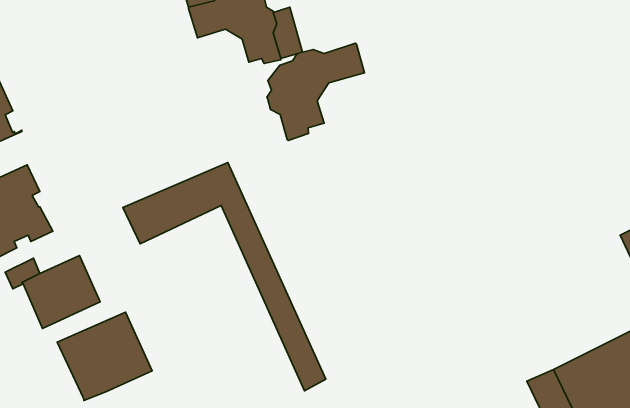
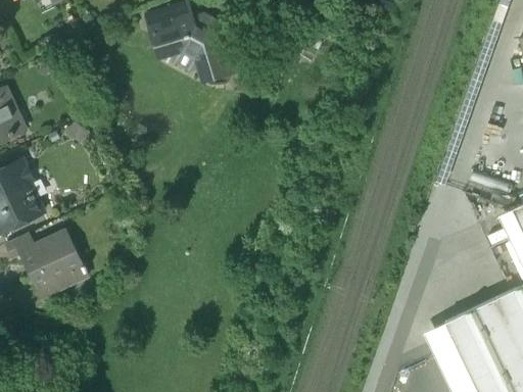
building: [267,43,365,140] -> none
building: [123,162,326,391] -> none
building: [57,312,152,400] -> none

